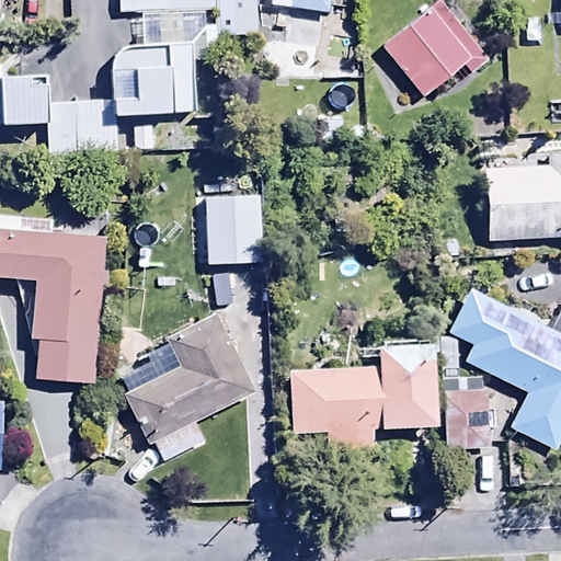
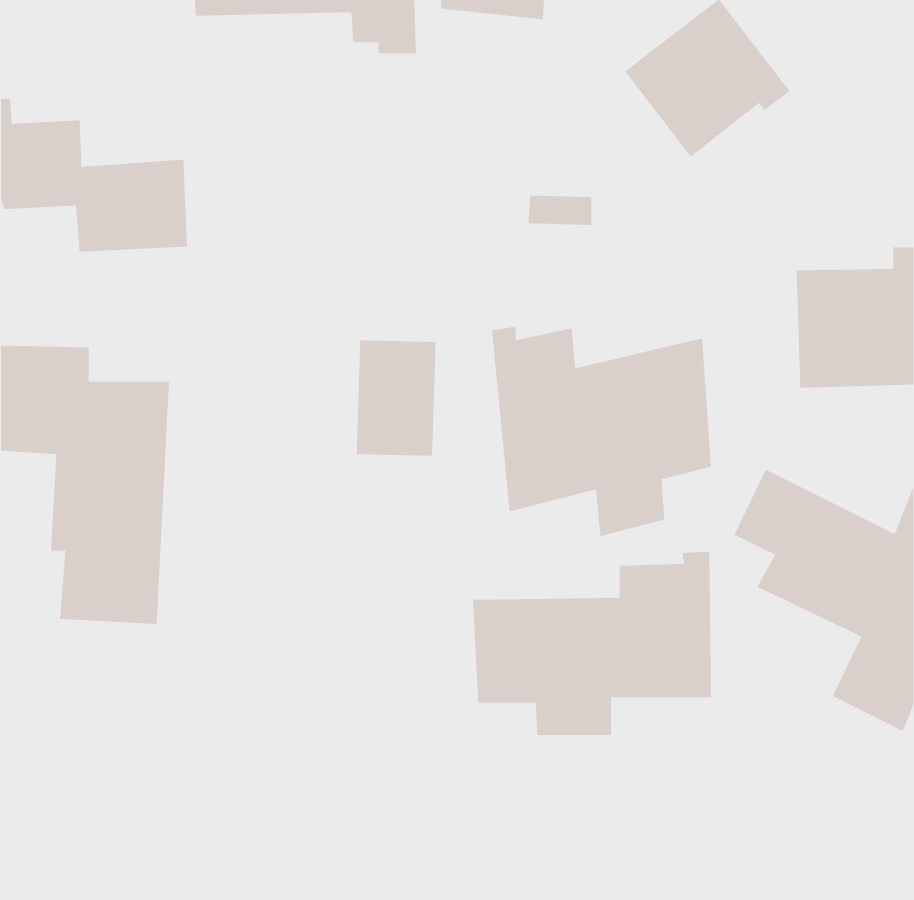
building: [111,27,205,116] -> none
building: none -> [491,326,711,537]
building: [122,312,254,457] -> none
building: [445,377,488,447] -> none

